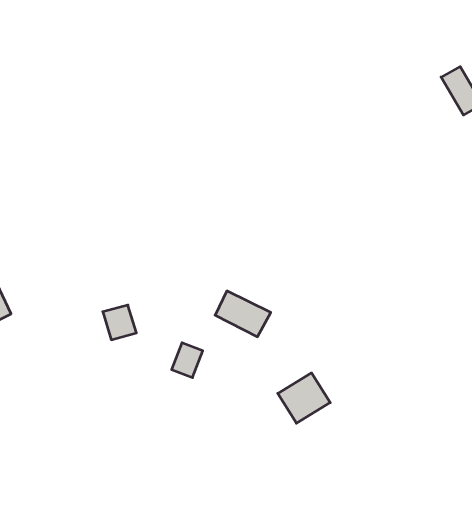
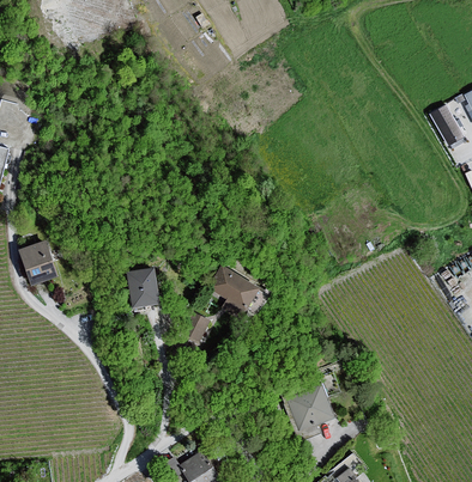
building: [278,373,330,423] -> [291,391,334,432]

